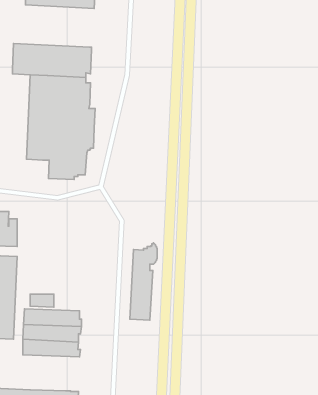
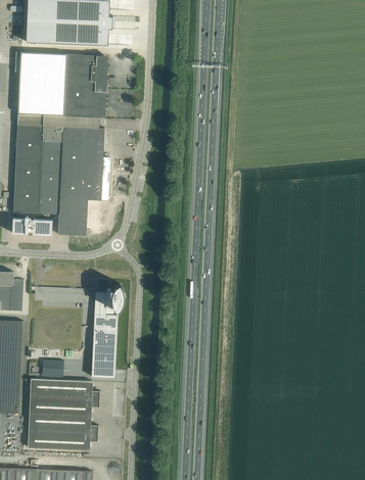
building: none -> [18,51,105,88]
building: none -> [12,117,37,212]
building: none -> [11,217,52,235]
building: [130,243,157,320] -> [91,284,122,370]
building: none -> [28,430,97,449]

